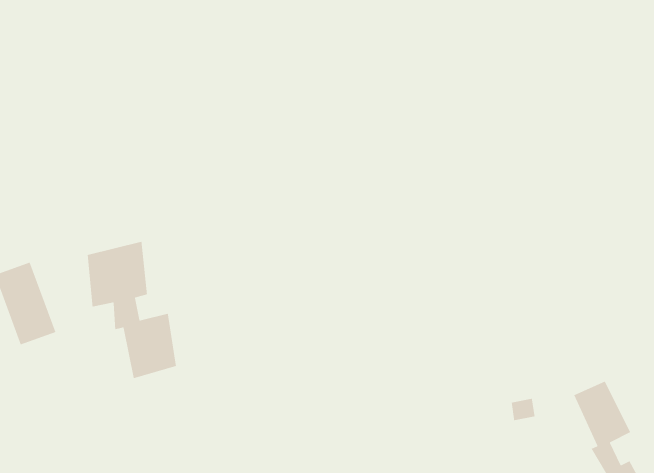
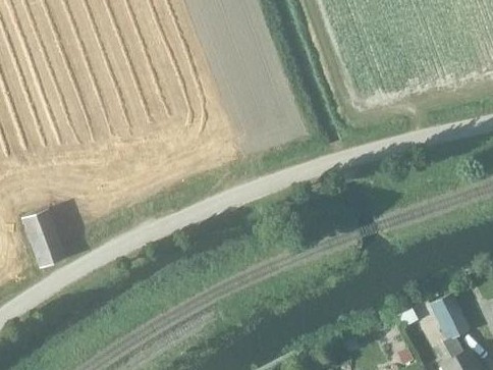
building: [87,241,177,379] -> none

